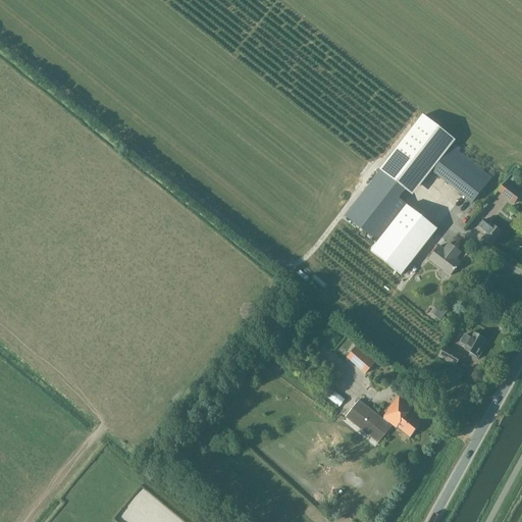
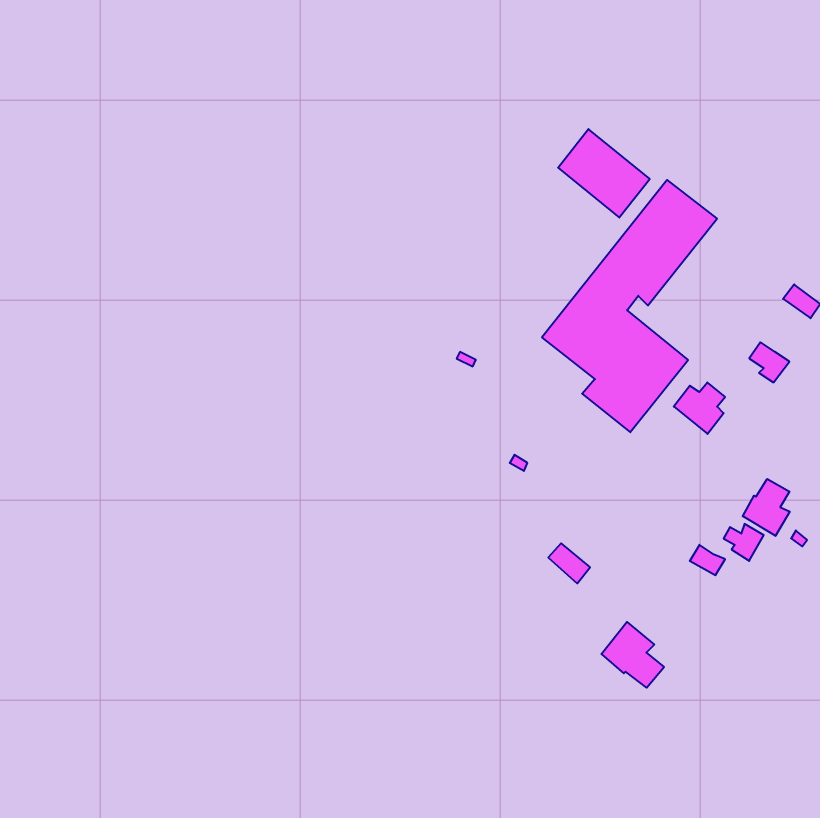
building: [432,145,490,201] -> [558,129,650,218]
building: none -> [743,479,790,536]
building: [344,400,390,442] -> none

